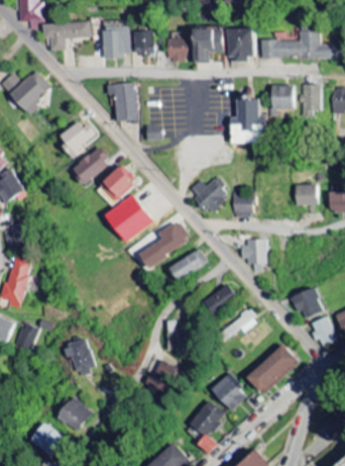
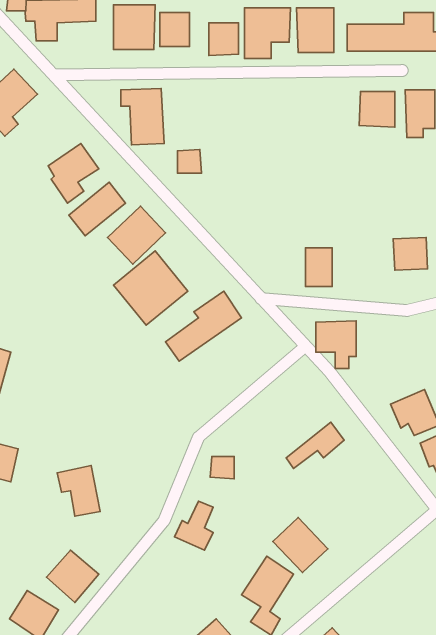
building: [228,98,261,144] -> none
building: [190,176,227,214] -> none
building: [169,249,208,281] -> none
building: [202,284,237,317] -> none
building: [245,344,298,395] -> none

